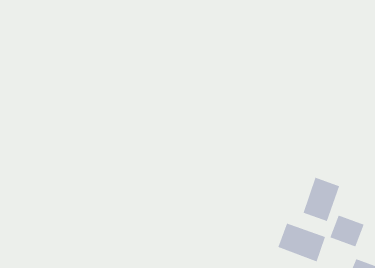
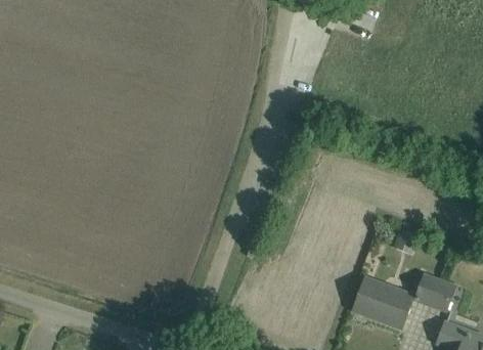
building: [303,177,340,222] -> none

